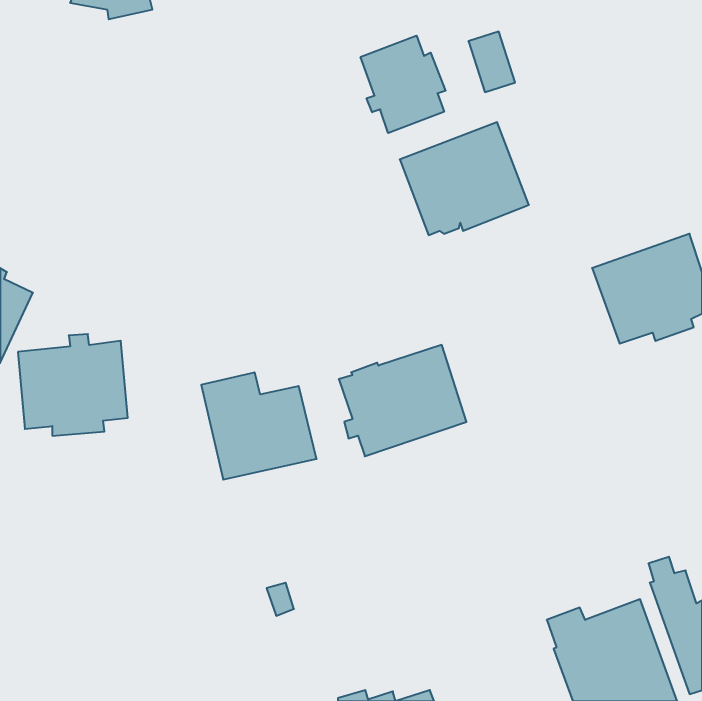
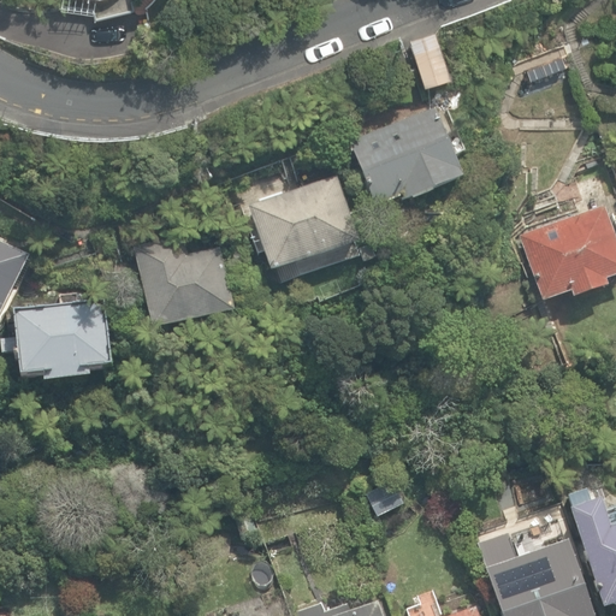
building: [361,36,446,133] -> none
building: [339,345,466,456] -> [248,174,360,272]
building: [201,372,317,480] -> [135,235,236,328]

